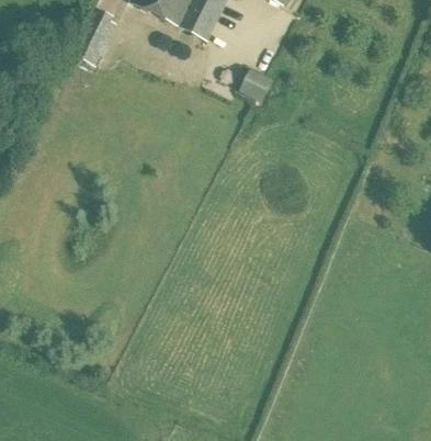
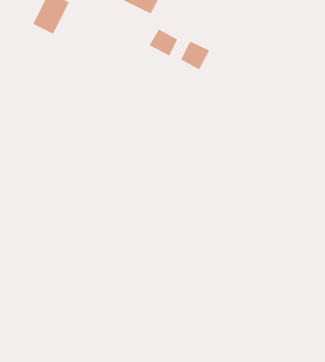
building: none -> [148,28,178,57]

